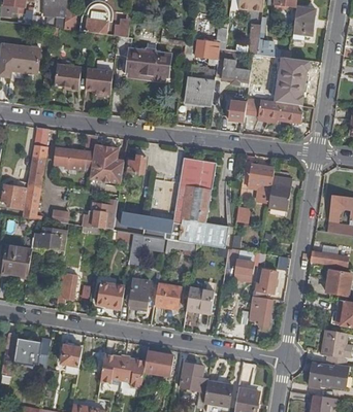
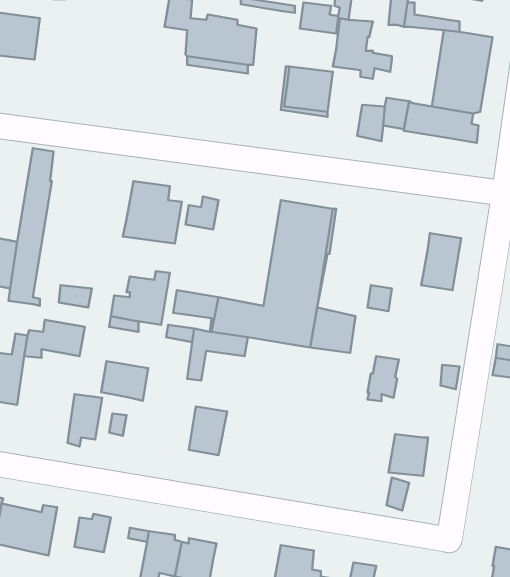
building: [55,63,81,90] -> none
building: [85,68,113,94] -> none
building: [55,133,97,168] -> none
building: [246,165,274,201] -> none
building: [252,269,277,298] -> none
building: [186,280,216,311] -> none
building: [96,283,124,307] -> [101,361,148,401]
building: [154,283,181,306] -> none
building: [143,350,173,375] -> none

